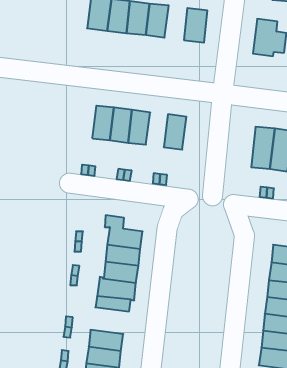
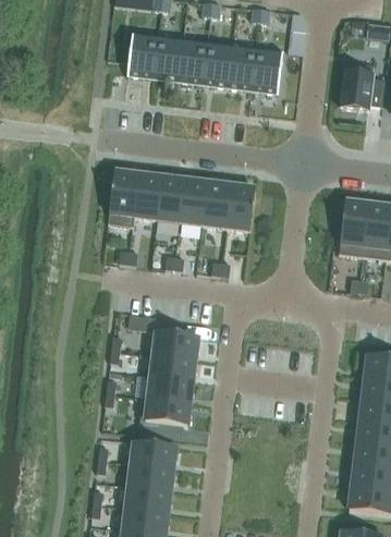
building: none -> [228,45,257,89]
building: none -> [109,171,139,227]
building: none -> [204,183,232,228]
building: none -> [132,441,176,469]

